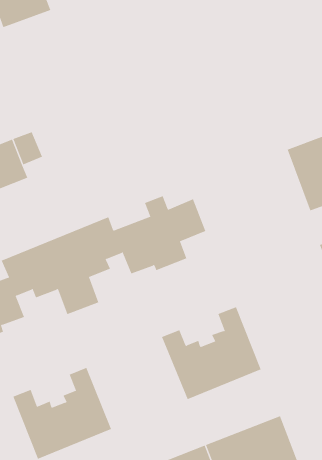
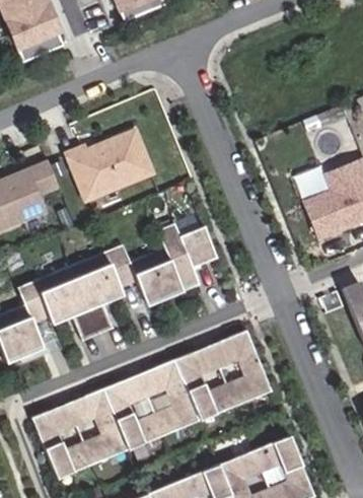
building: none -> [69,132,153,201]
building: none -> [102,362,200,451]

